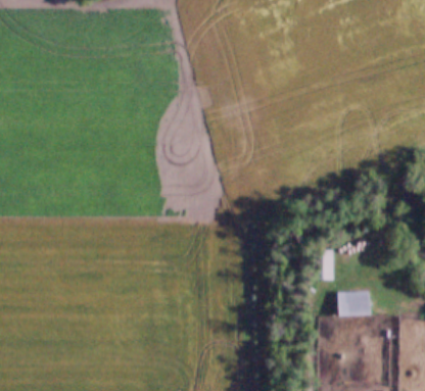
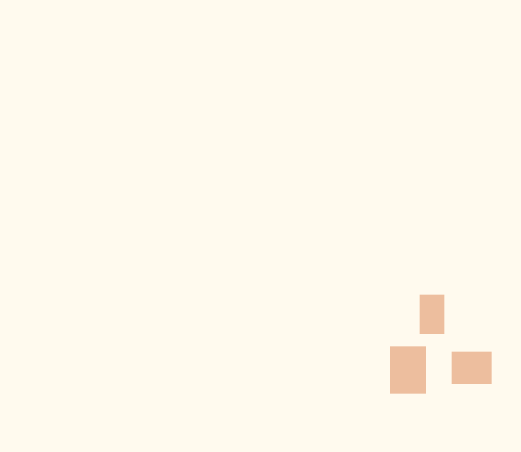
building: none -> [390,345,427,394]

